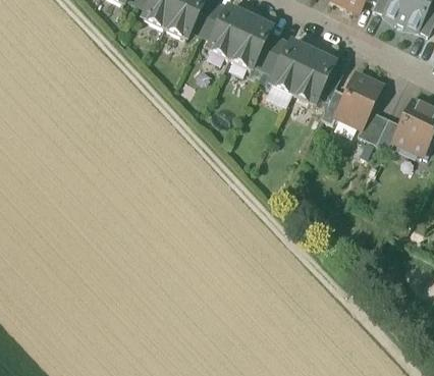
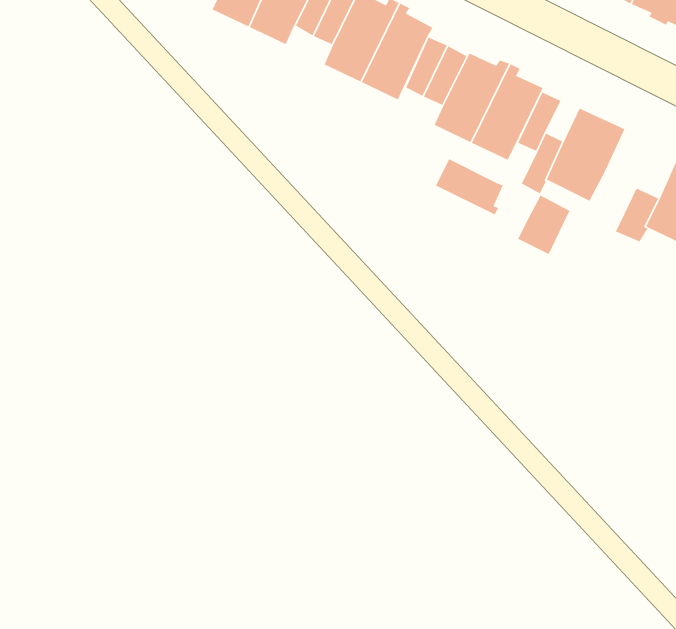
building: none -> [435,158,504,216]
building: [357,110,387,145] -> [517,195,570,255]

